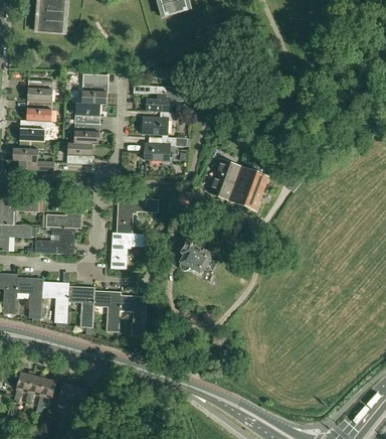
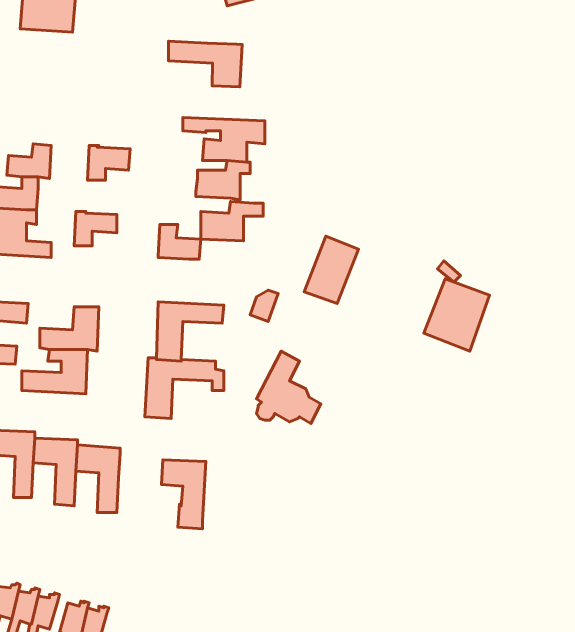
building: none -> [168,41,242,87]
building: [80,72,108,104] -> none
building: [26,80,53,102] -> none
building: [73,123,100,144] -> [158,225,201,259]
building: [227,165,267,209] -> [424,279,489,351]
building: [93,290,121,331] -> none

